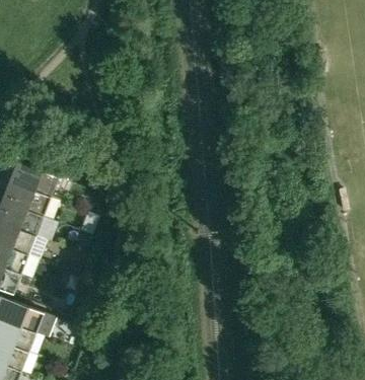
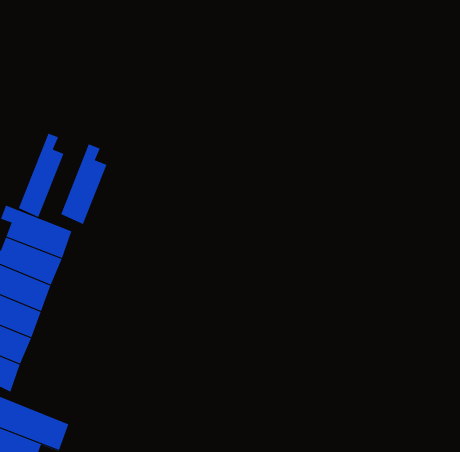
building: none -> [18,133,64,218]
building: none -> [61,144,107,225]

